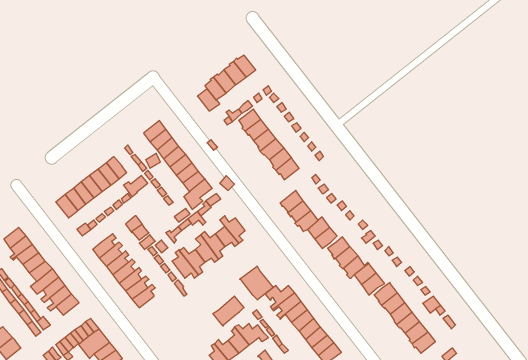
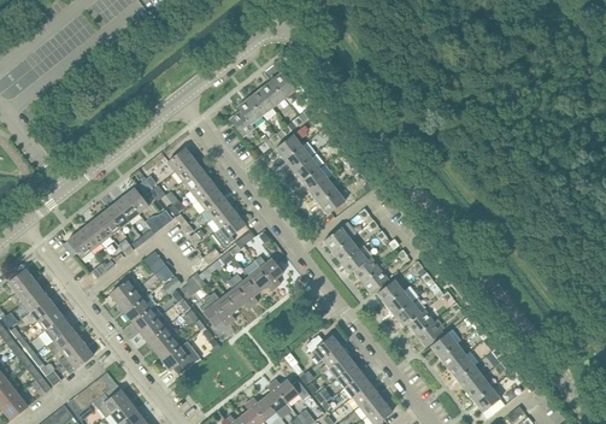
building: [240,266,273,300] -> none
building: none -> [163,341,200,375]
building: [213,296,244,326] -> none

